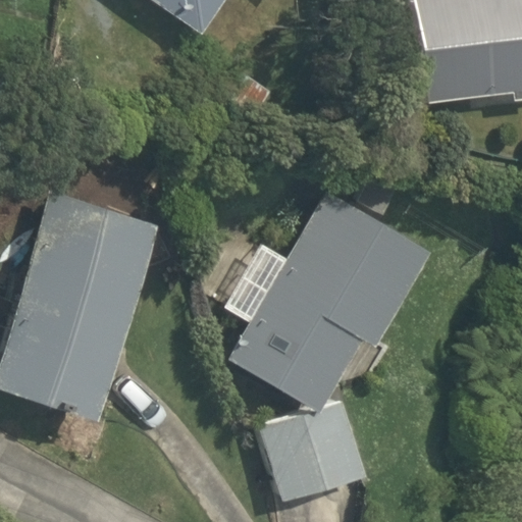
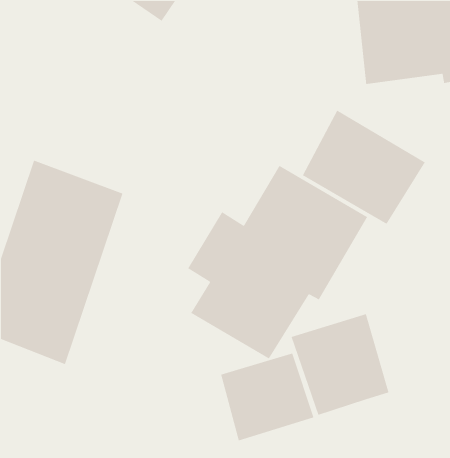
building: none -> [302,110,426,225]
building: none -> [291,313,389,416]

